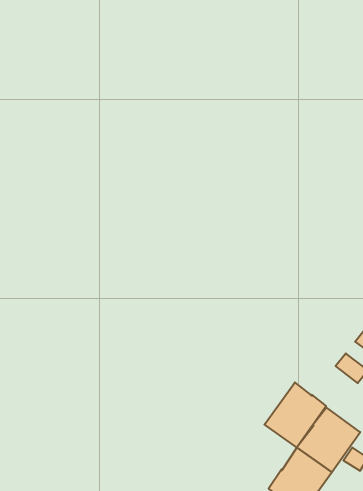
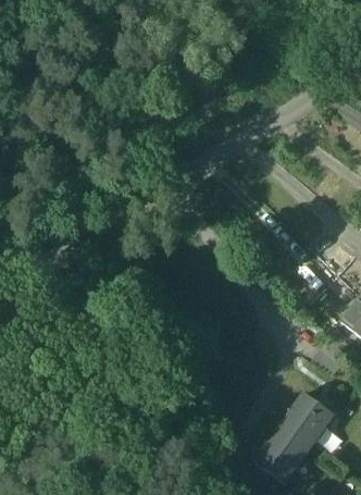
building: [264,382,326,448] -> none

